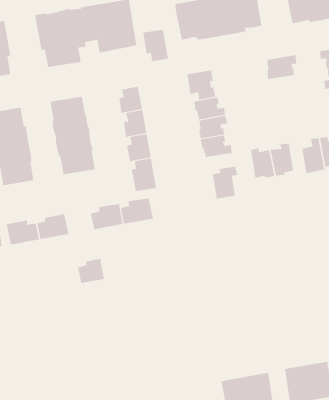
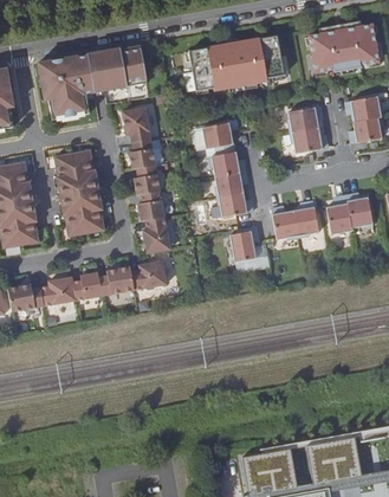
building: [143,29,169,62] -> [122,108,150,143]
building: none -> [290,128,328,153]
building: [77,258,105,283] -> [72,272,102,299]

